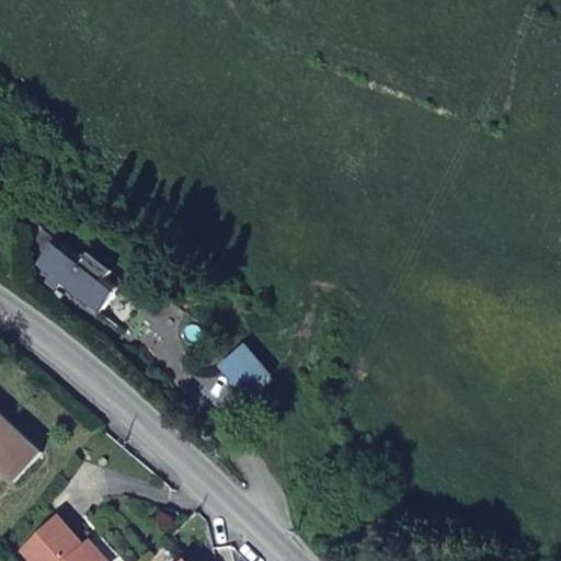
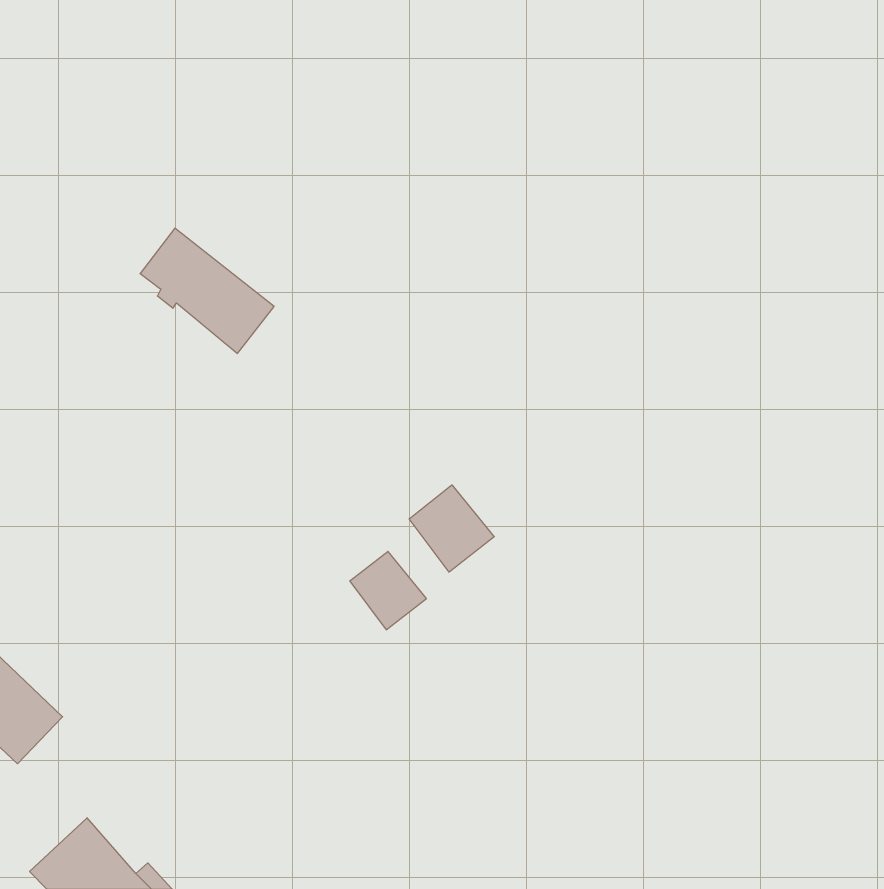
building: [36,238,121,317] -> [140,228,274,353]
building: none -> [409,485,494,572]

